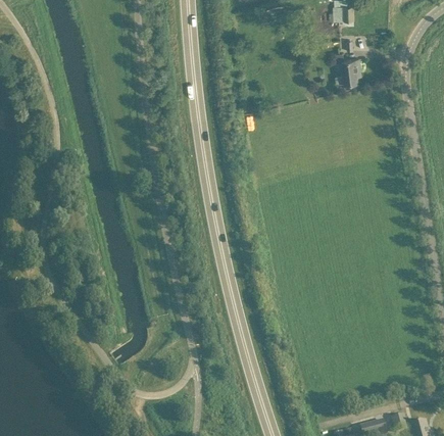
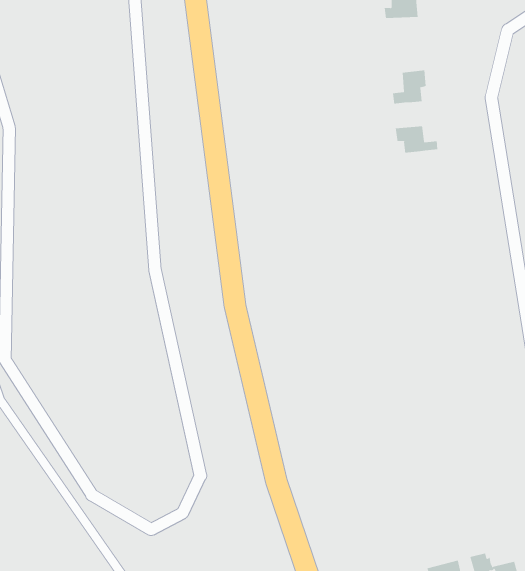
building: none -> [395,126,438,153]

